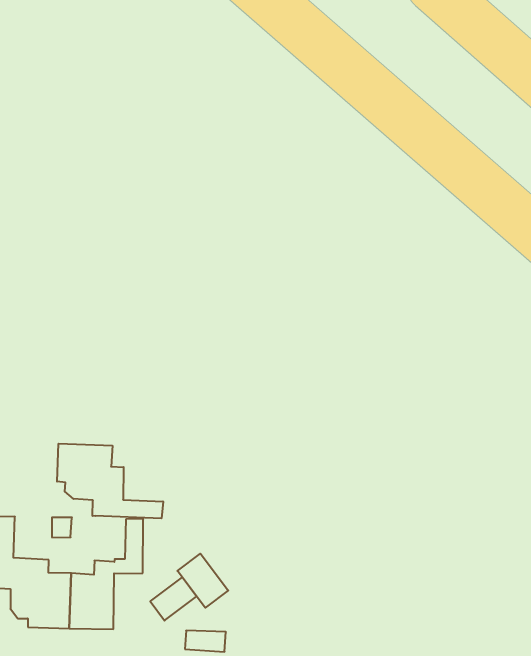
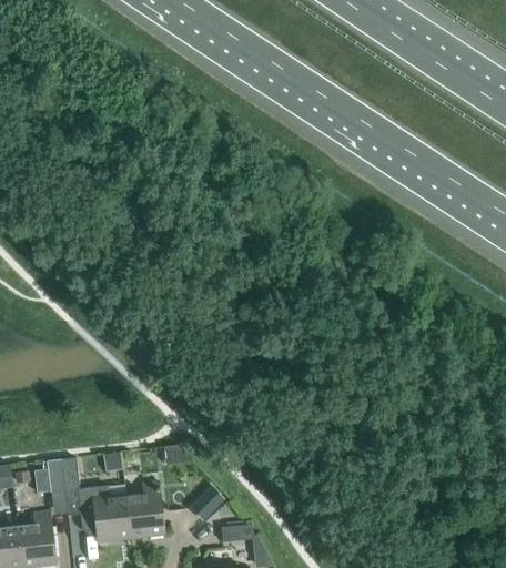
building: [57,444,163,518] -> none
building: [177,554,228,608] -> none

